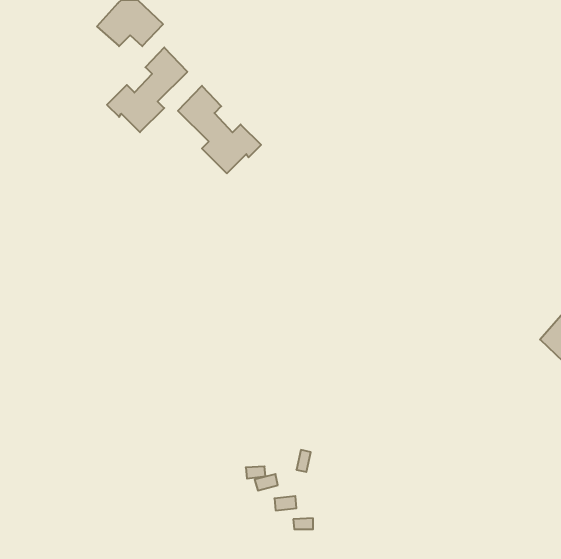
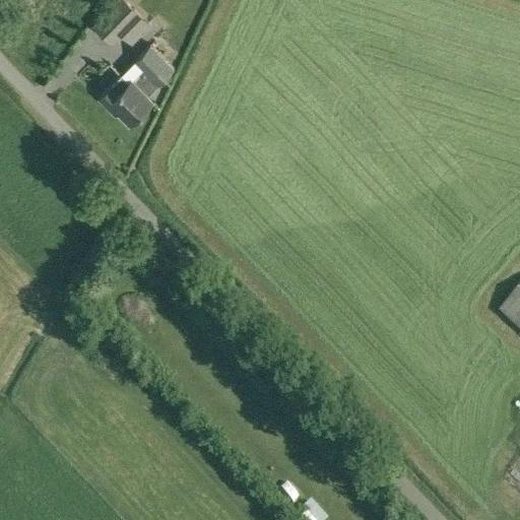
building: [178,86,261,173] -> none

